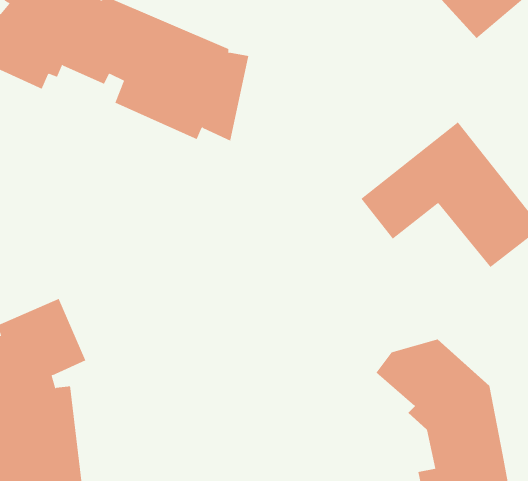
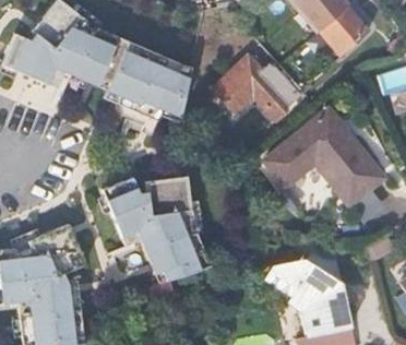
building: none -> [213,55,291,118]
building: none -> [103,176,212,281]

